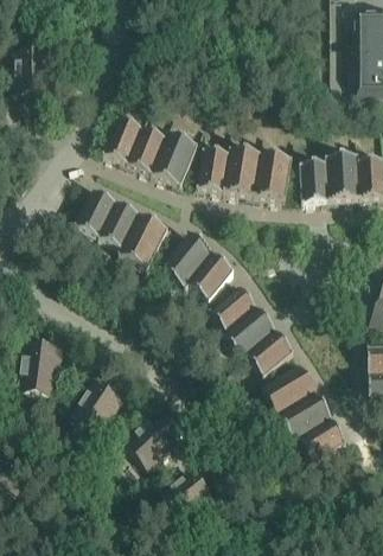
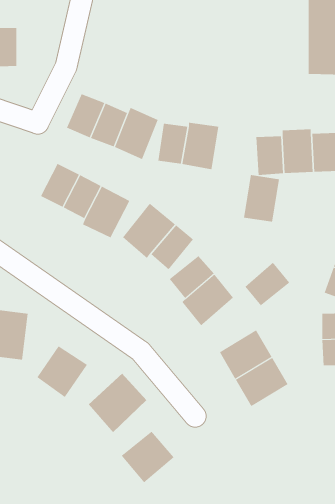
building: [254,149,292,199] -> [243,174,280,222]
building: [247,327,294,373] -> [245,262,290,306]
building: [300,417,346,459] -> none

